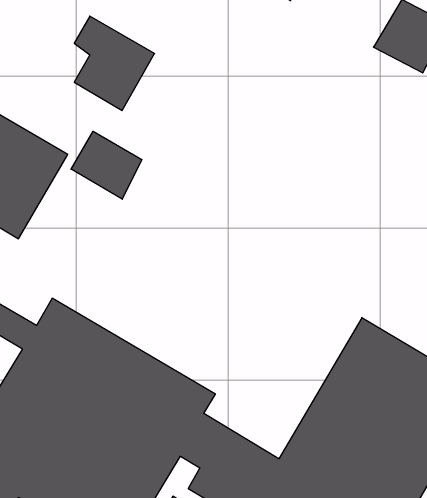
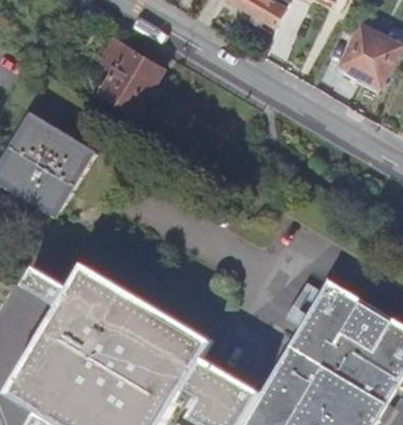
building: [71,131,142,199] -> none

